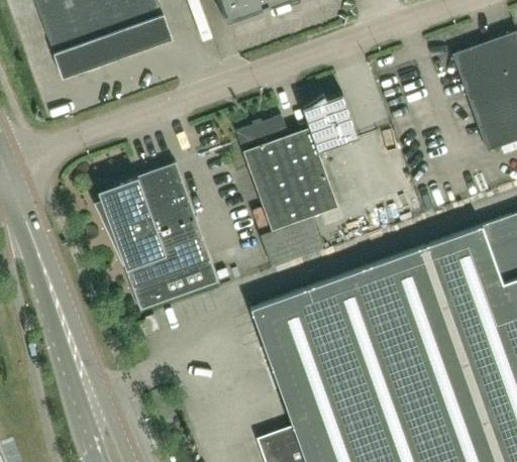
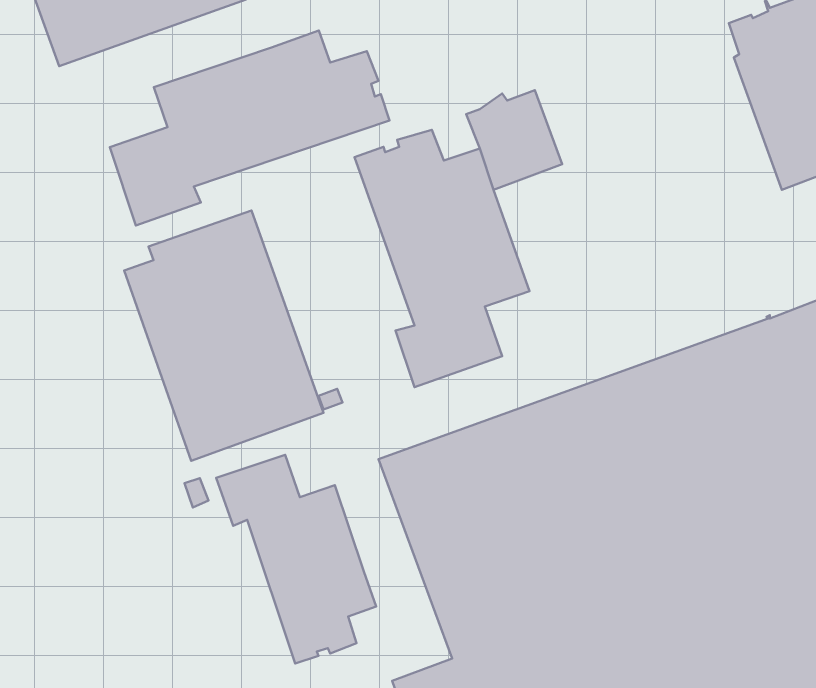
building: none -> [110,31,389,226]
building: none -> [216,455,376,664]

